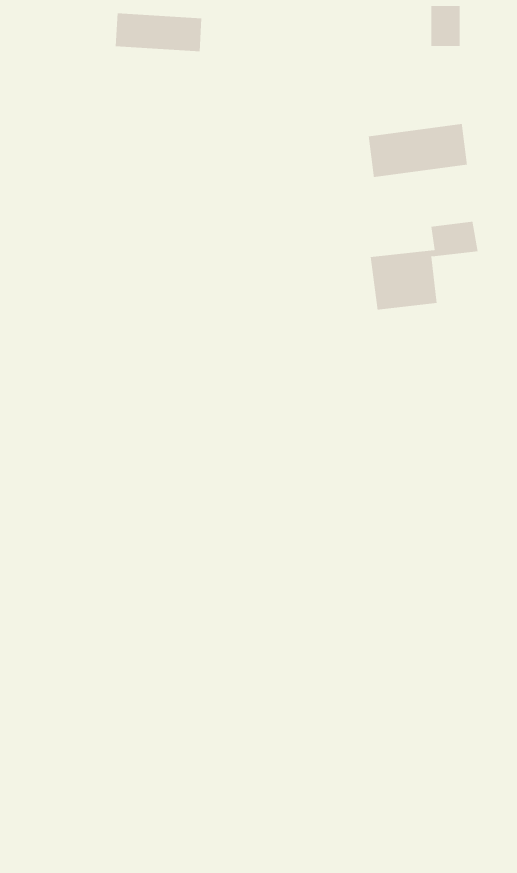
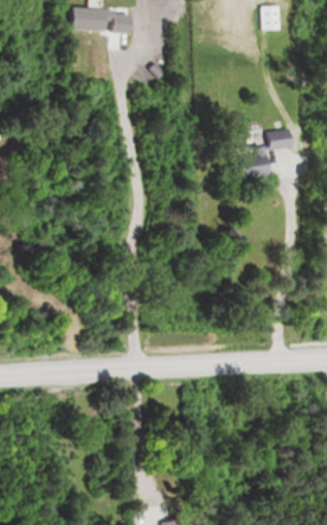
building: [368,123,468,178] -> none

